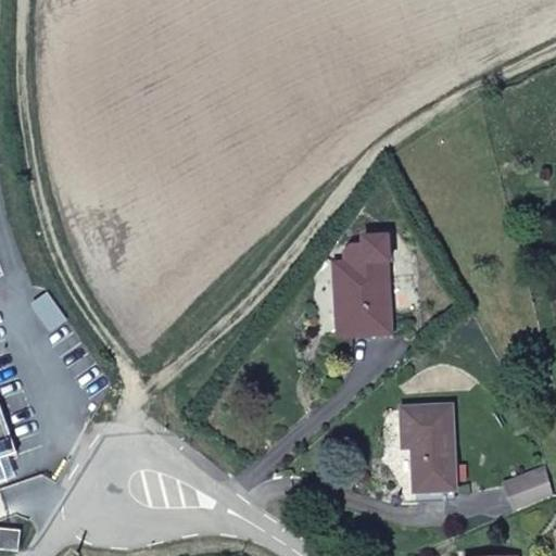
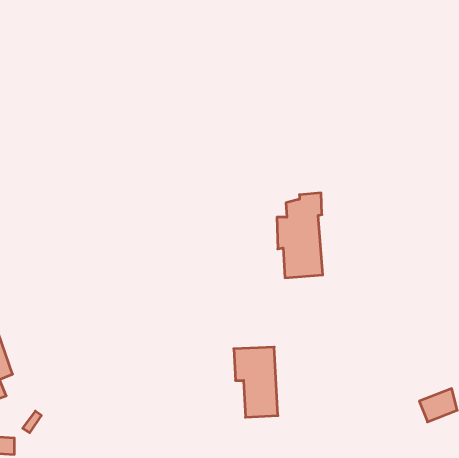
building: [400,405,453,490] -> [234,347,278,417]

